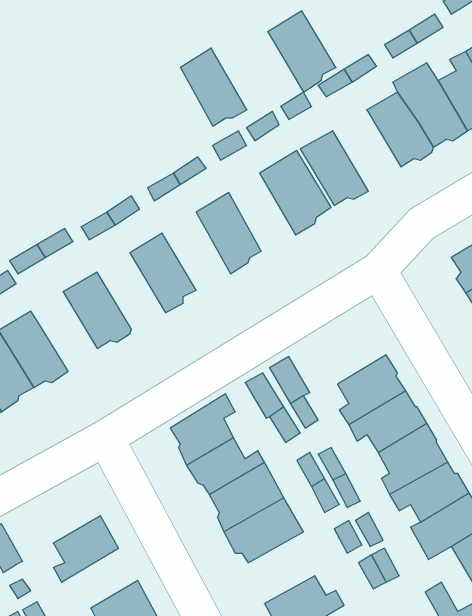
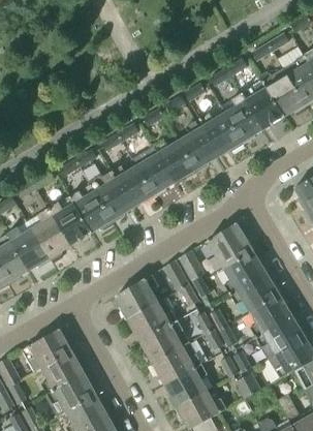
building: [268,11,336,92] -> [219,94,262,146]
building: [180,48,247,126] -> [153,134,195,184]
building: none -> [111,159,154,209]
building: none -> [69,185,113,234]
building: none -> [27,210,69,260]
building: none -> [206,223,253,269]
building: none -> [22,330,71,373]
building: none -> [165,363,208,408]
building: none -> [46,373,95,411]

